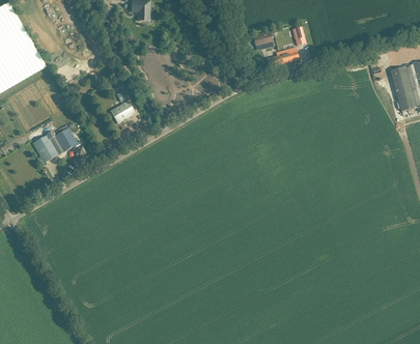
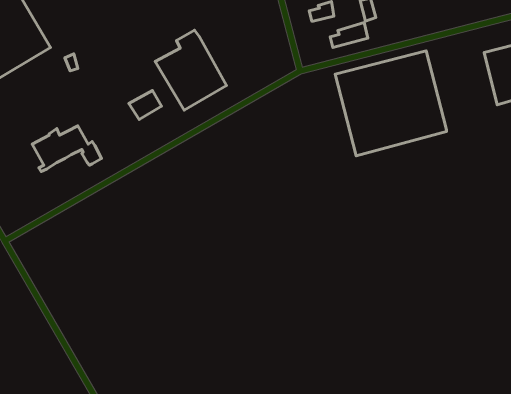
building: none -> [155,30,226,110]
building: none -> [335,51,447,156]

